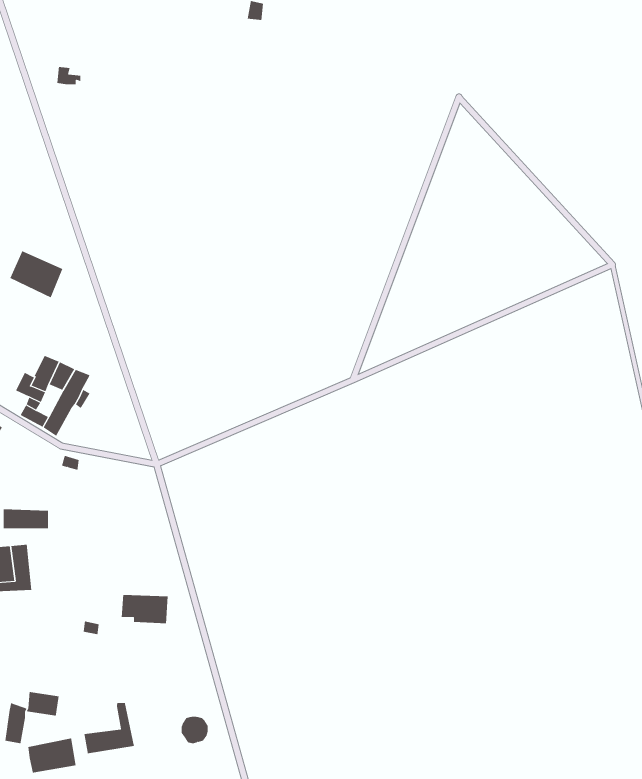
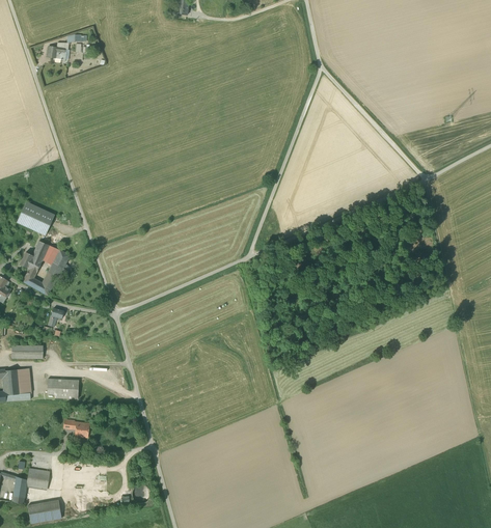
building: [10,250,63,298] -> [17,202,53,234]
building: [121,595,169,624] -> [46,379,78,398]
building: [84,702,135,754] -> none

